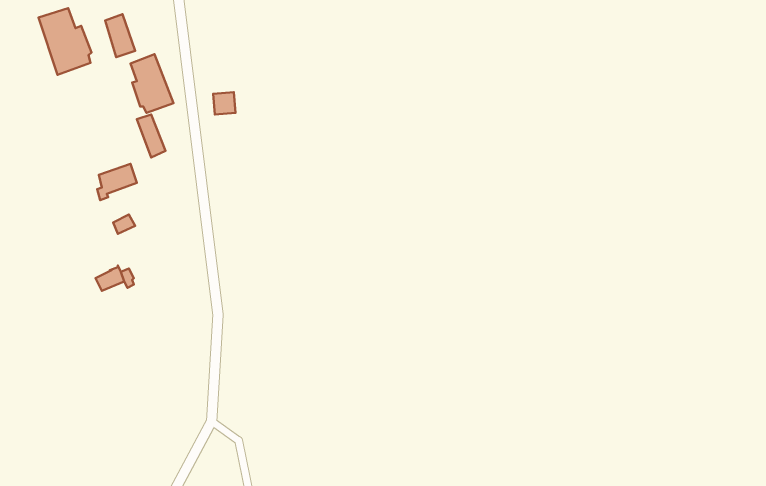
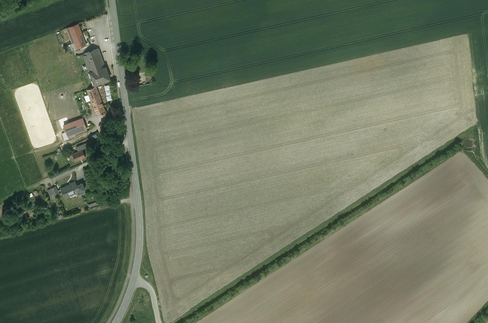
building: [38,8,92,75] -> none

